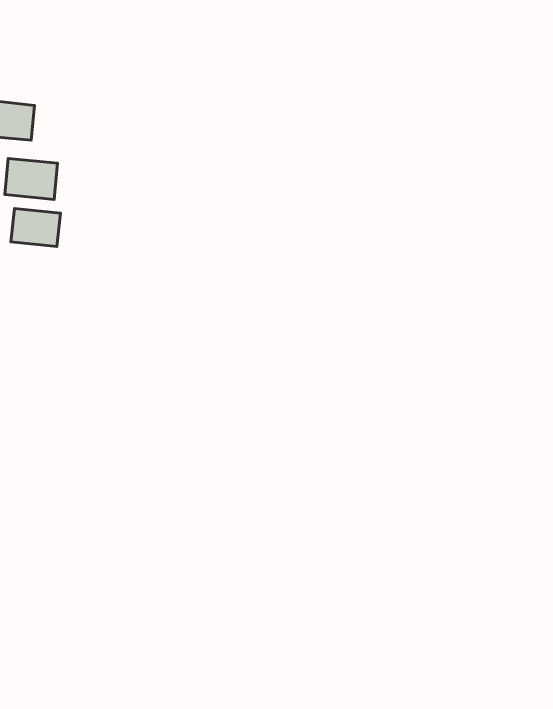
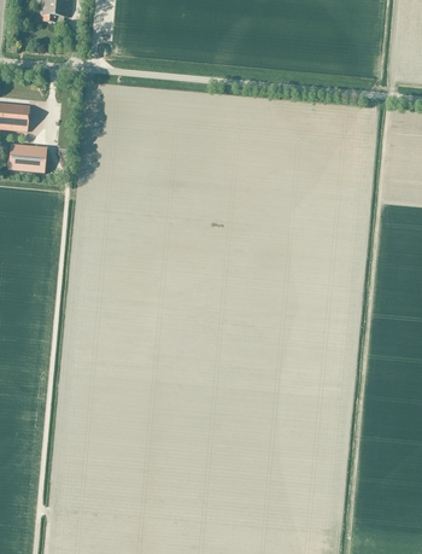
building: [11,209,61,247] -> none

